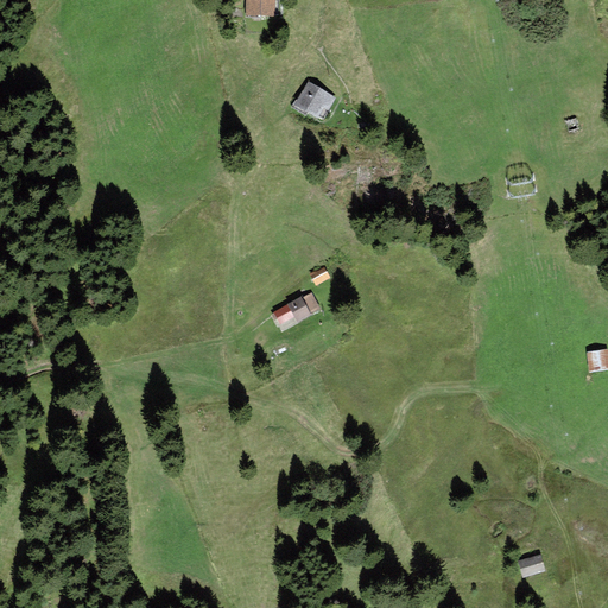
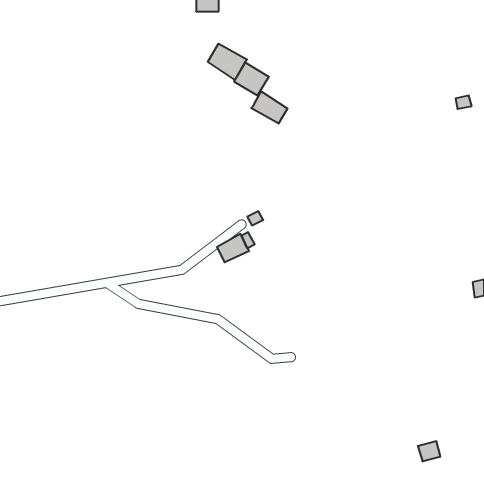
building: none -> [208,44,247,80]
building: none -> [251,91,288,124]

